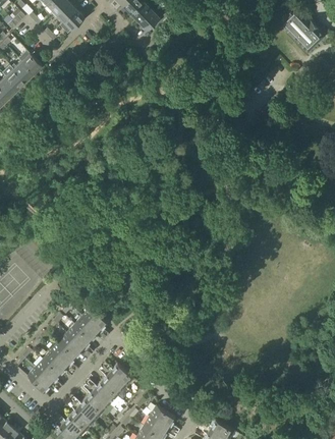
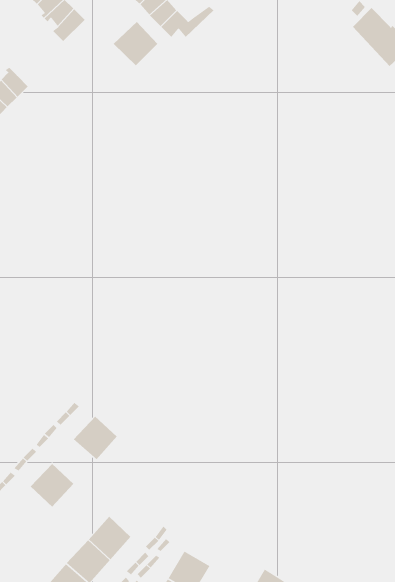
building: none -> [113,21,158,66]
building: [59,326,92,359] -> none
building: [26,361,59,393] -> none
building: [101,365,133,397] -> none

